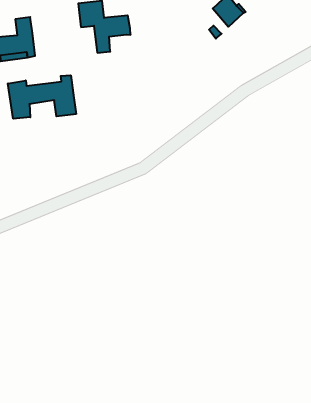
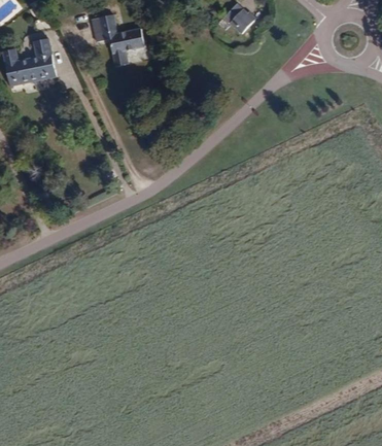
building: [8,75,76,119] -> none

